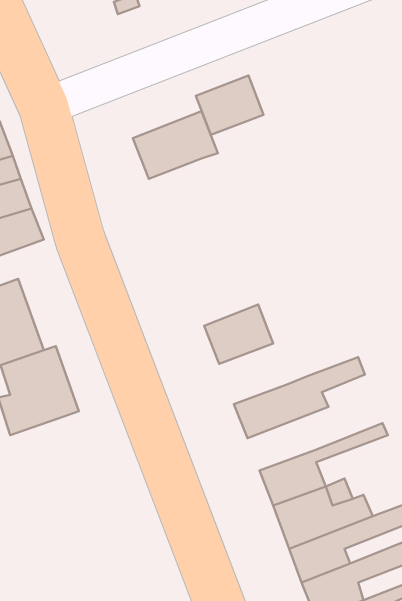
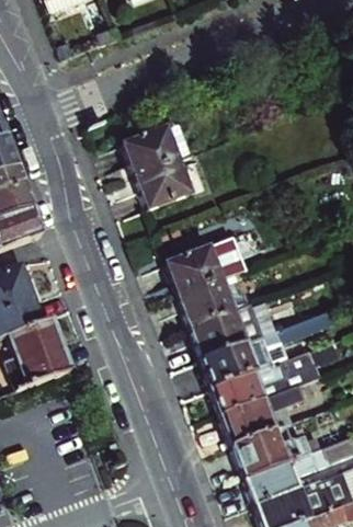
building: [196,76,263,135] -> [132,161,186,209]
building: none -> [163,237,244,297]
building: none -> [189,305,261,360]
building: none -> [212,351,317,414]

